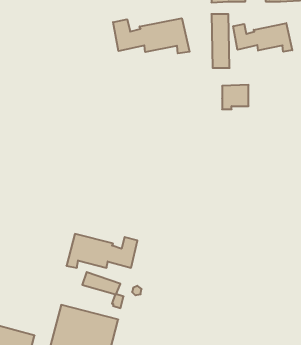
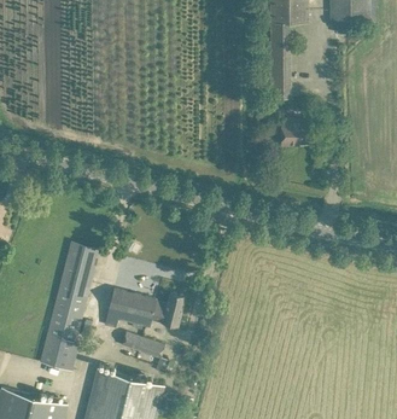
building: [113,18,190,53] -> none
building: [233,23,292,52] -> none
building: none -> [40,241,99,372]

